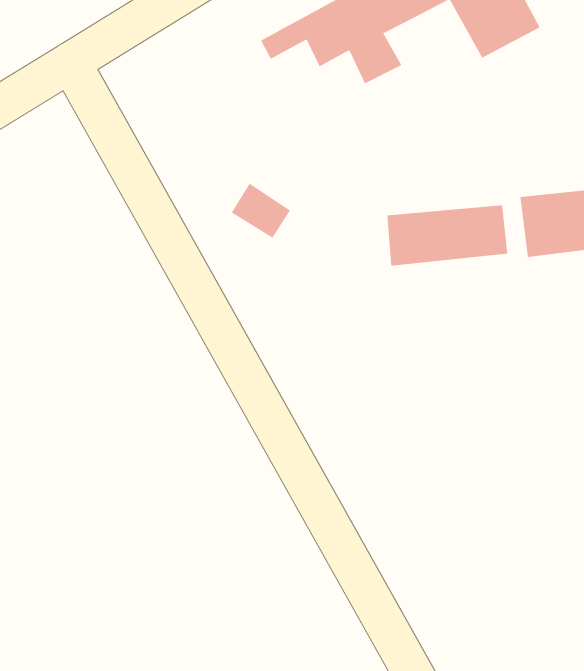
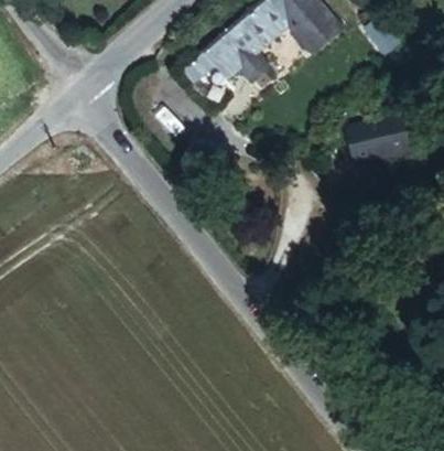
building: [387,205,508,266] -> none

